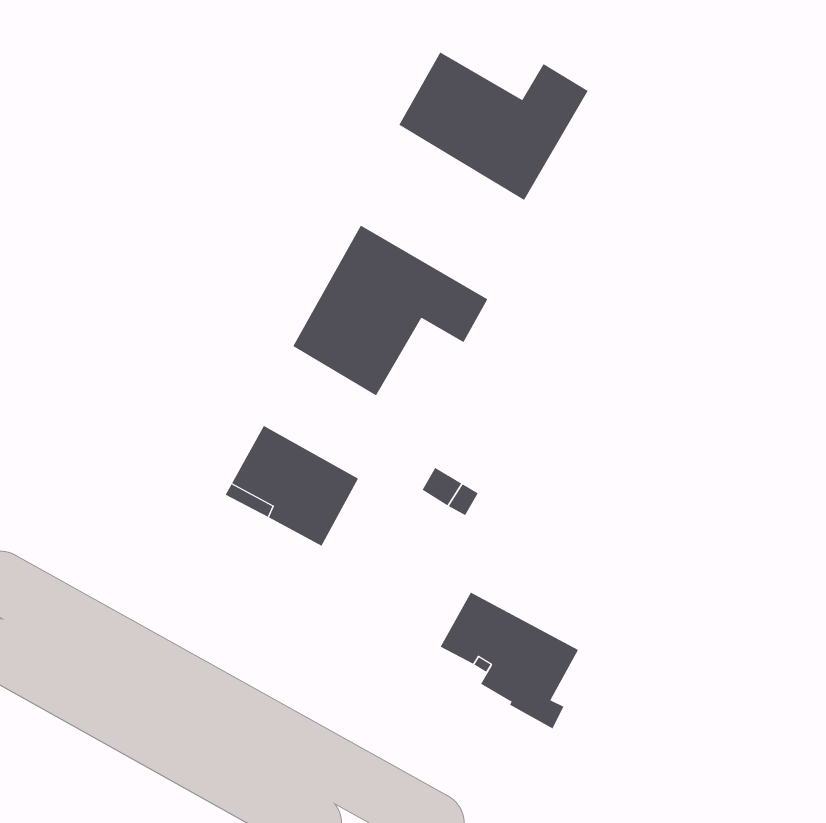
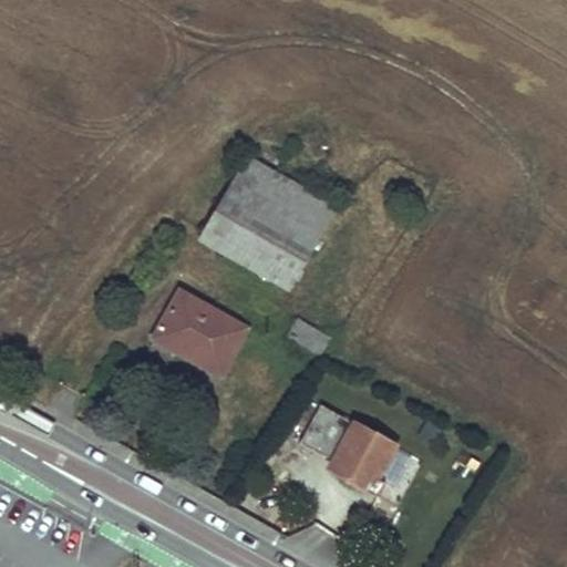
building: [398,52,588,201] -> none
building: none -> [258,218,318,288]

